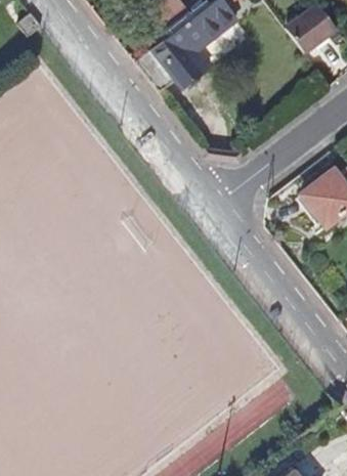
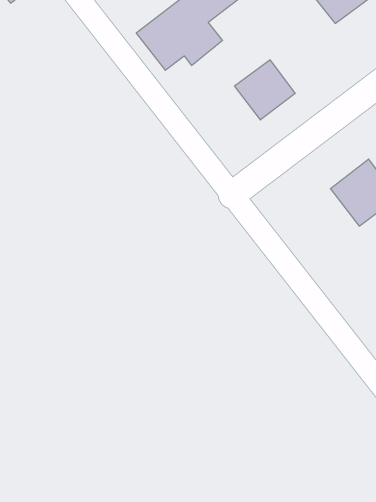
building: none -> [235,60,295,120]

